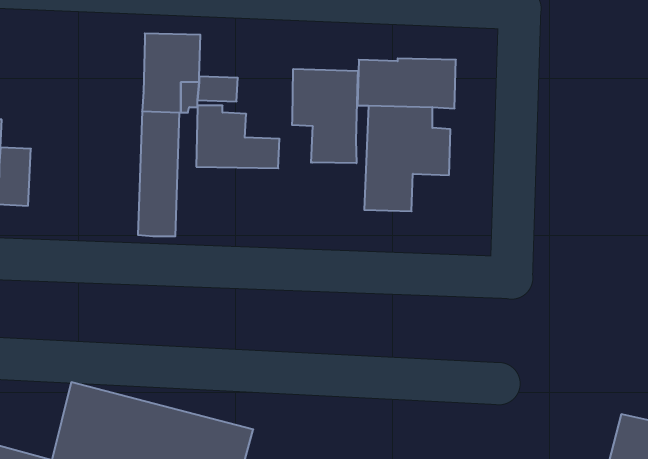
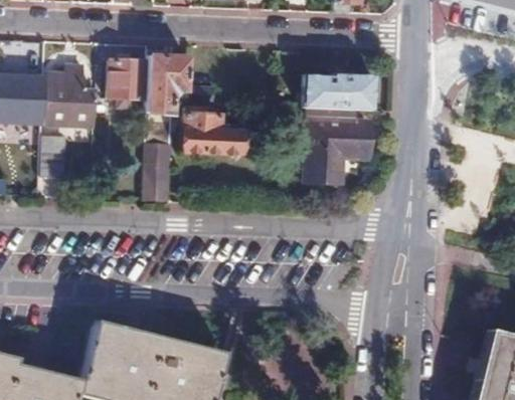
building: none -> [108,59,147,98]
building: none -> [48,66,94,127]
building: [292,69,358,163] -> none

